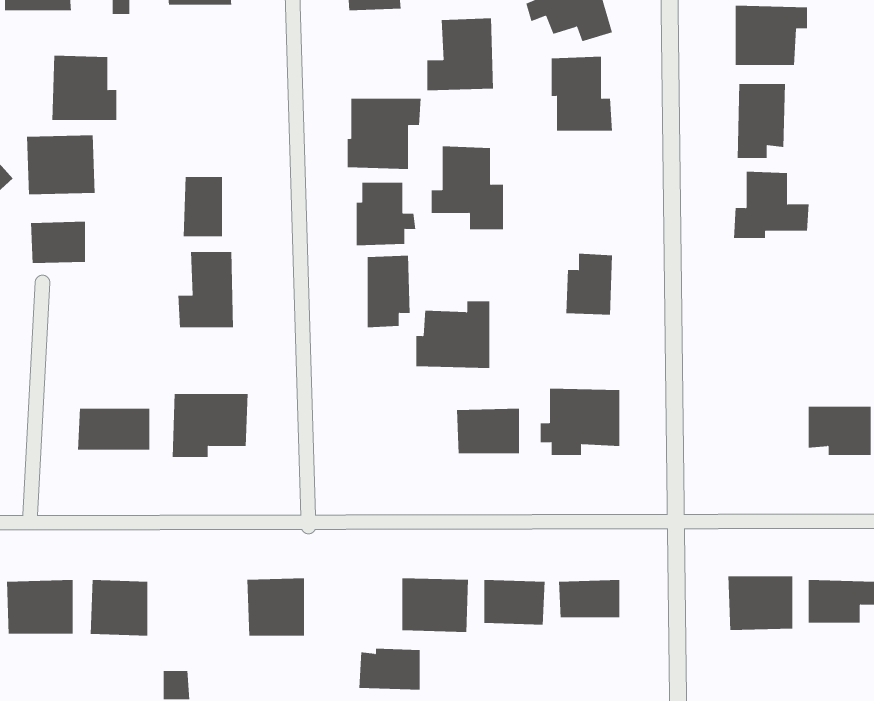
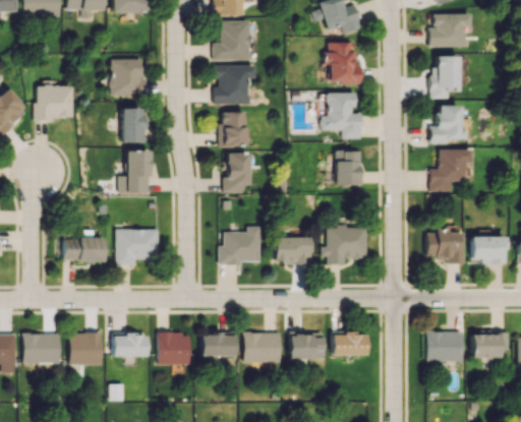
building: [426,18,494,91] -> [213,20,250,61]
building: [52,55,117,121] -> [111,59,148,96]
building: [431,146,504,230] -> [322,93,362,139]
building: [31,221,86,264] -> none
building: none -> [429,149,471,191]
building: [415,301,490,368] -> [220,227,262,264]
building: none -> [426,228,464,261]
building: none -> [113,335,148,357]
building: [359,648,421,690] -> [201,334,236,357]

